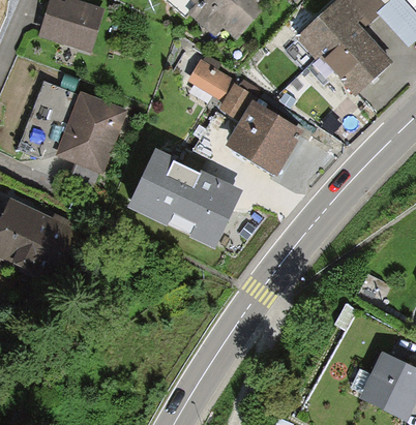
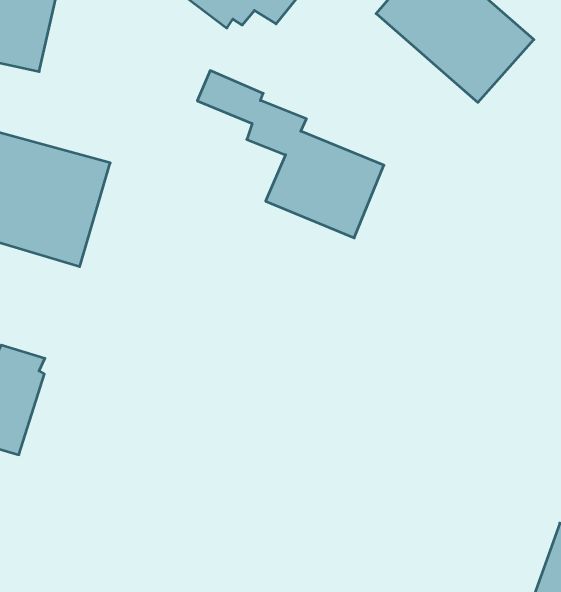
building: [130,148,241,243] -> none

